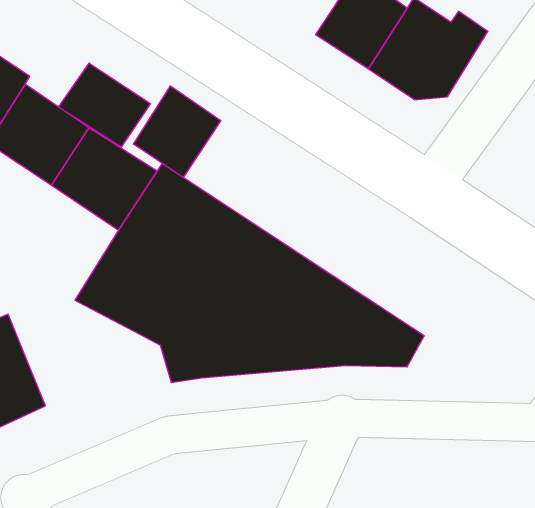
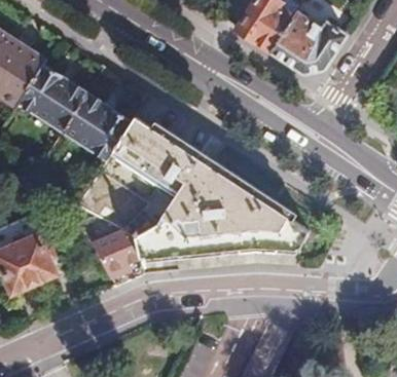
building: [59,63,151,147] -> none
building: [133,86,221,178] -> none
building: none -> [88,223,140,275]

